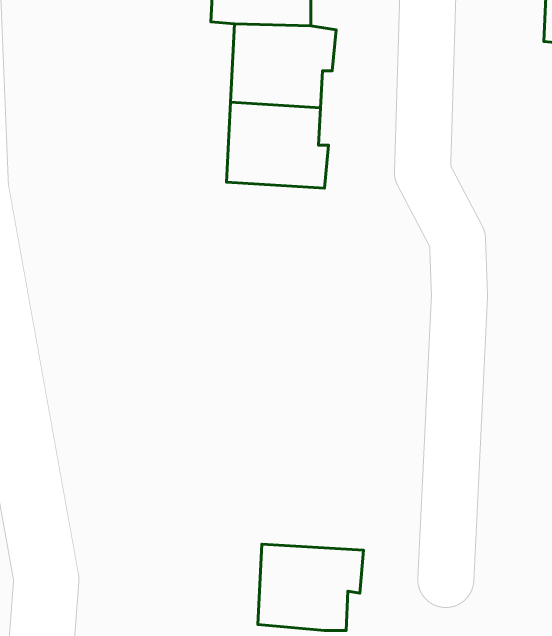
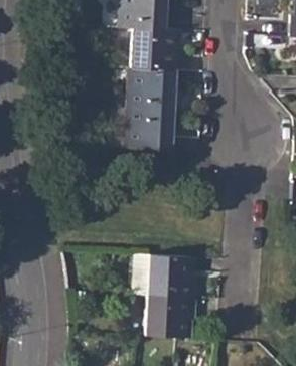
building: none -> [125,108,177,150]
building: none -> [145,254,199,297]

